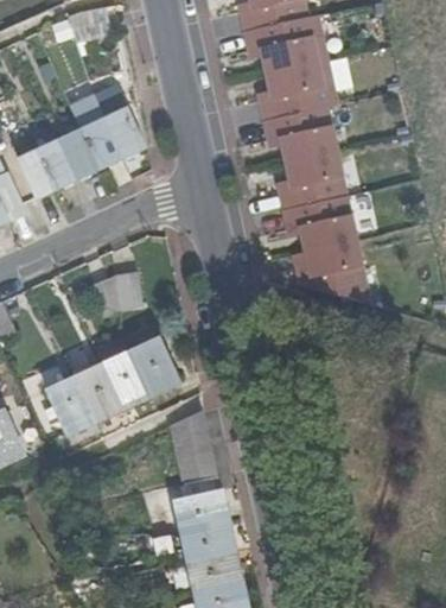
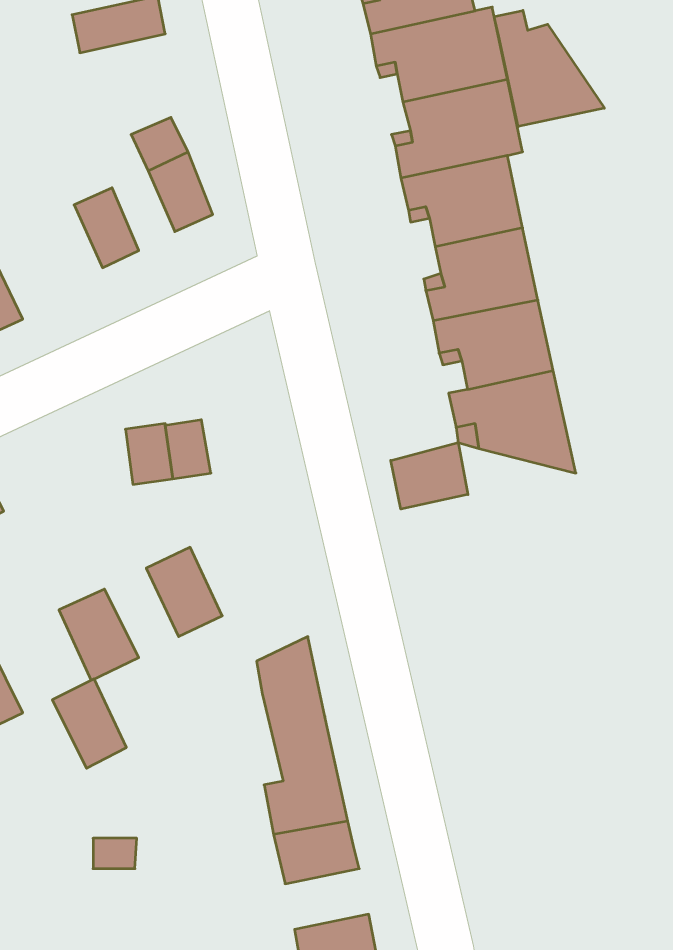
building: none -> [494,10,604,127]
building: [81,116,120,166] -> none
building: [17,138,75,196] -> none
building: none -> [391,443,468,509]
building: [129,337,179,394] -> none
building: [76,365,122,420] -> [52,679,126,768]
building: [189,552,241,590] -> none

